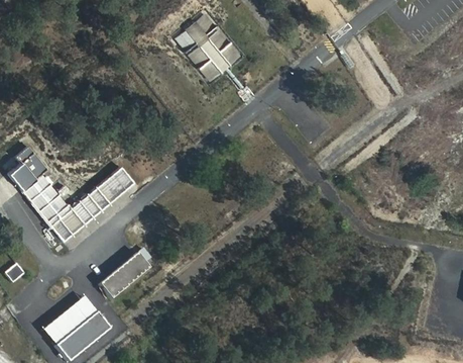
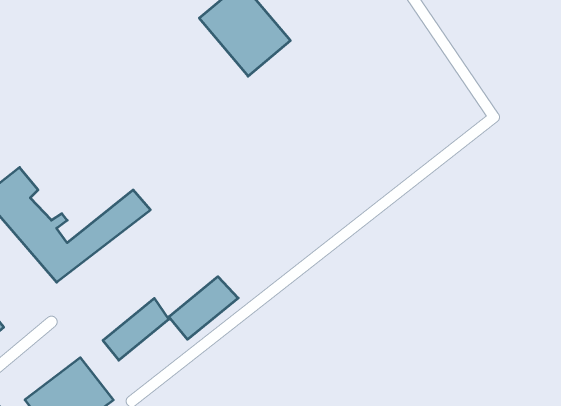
building: none -> [169,277,238,339]

